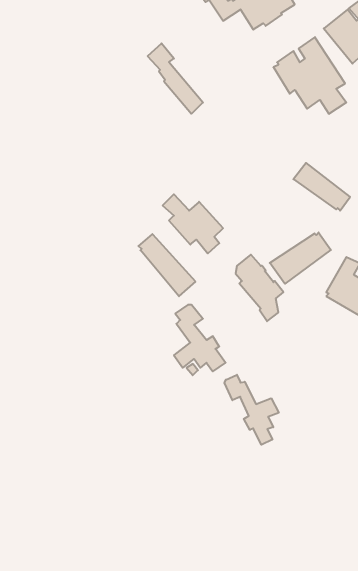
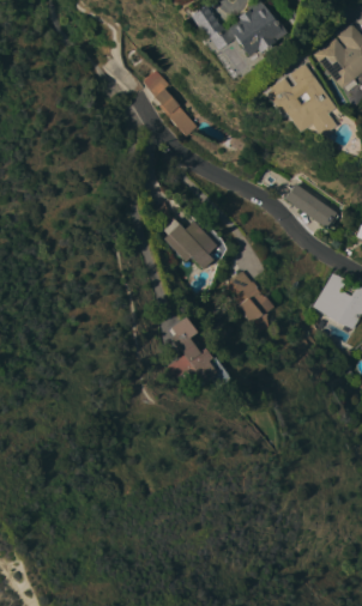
building: [270,232,331,284] -> none
building: [138,234,195,296] -> none
building: [225,375,279,445] -> none

